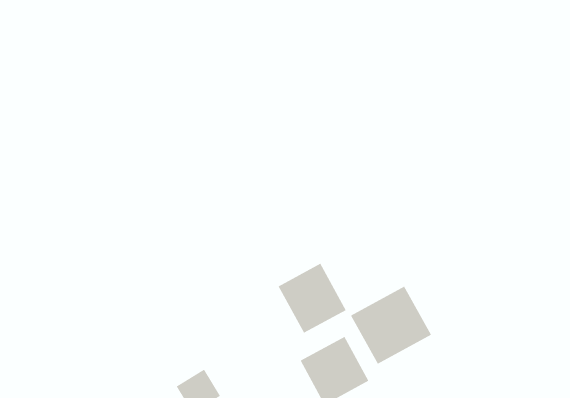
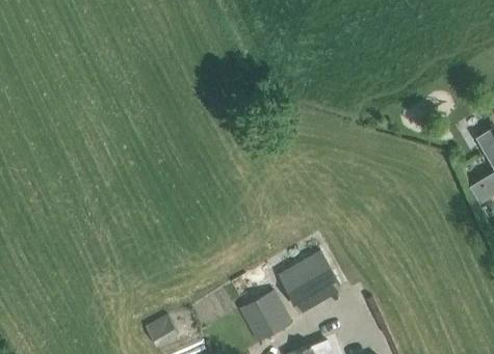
building: [278,263,346,333] -> none

